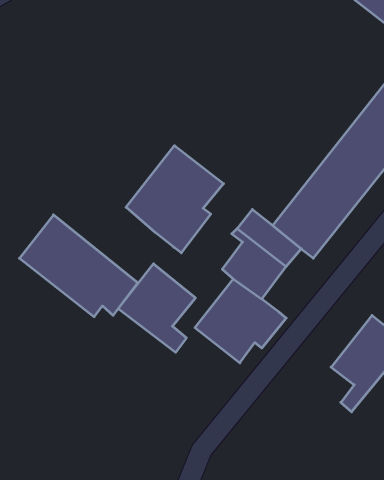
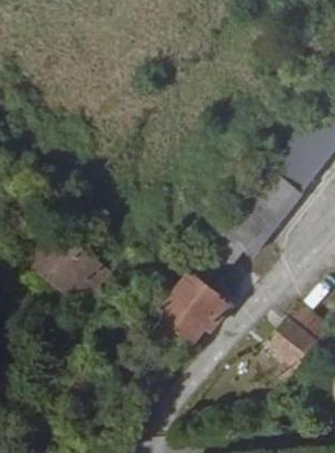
building: [126,146,224,253] -> none
building: [118,264,195,352] -> none

